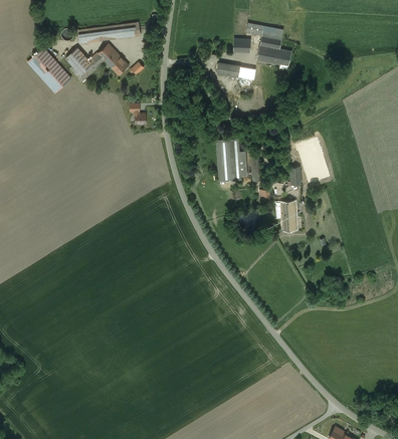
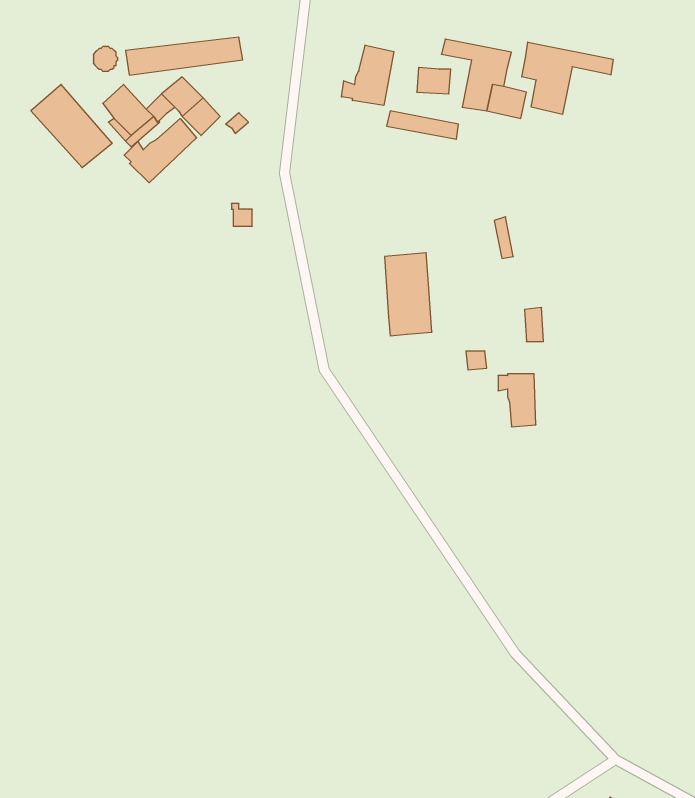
building: none -> [522,42,613,114]
building: none -> [341,45,394,105]
building: none -> [124,119,197,183]

